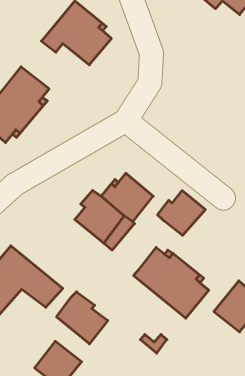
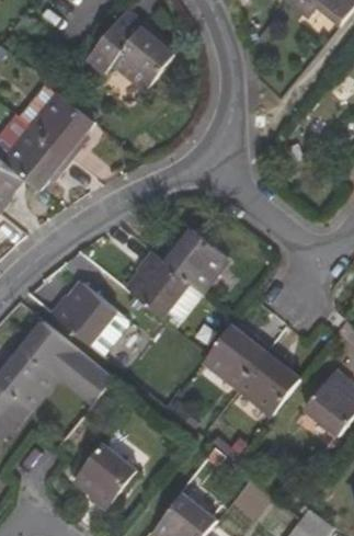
building: [158,191,205,235] -> none
building: none -> [49,282,116,344]
building: [57,292,108,344] -> none

